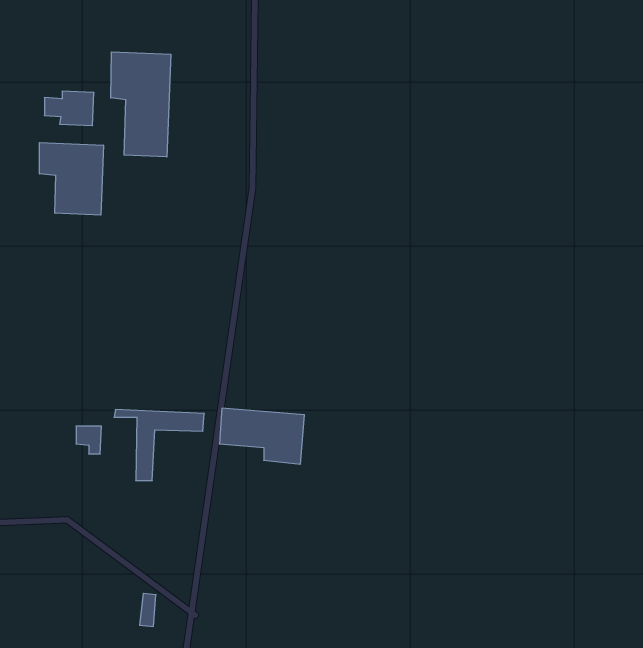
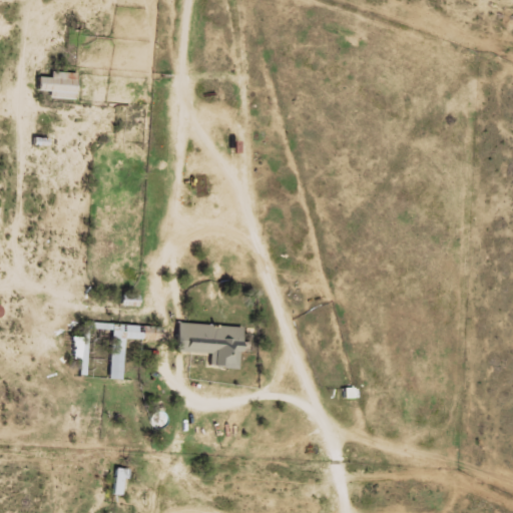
building: [111,52,171,157] -> none
building: [39,143,103,215] -> none

